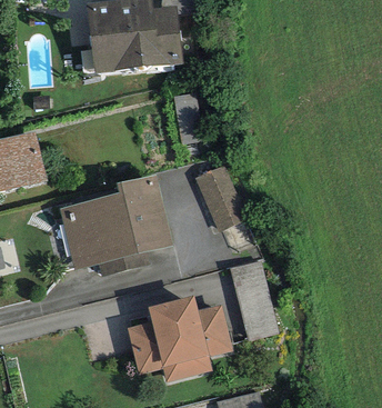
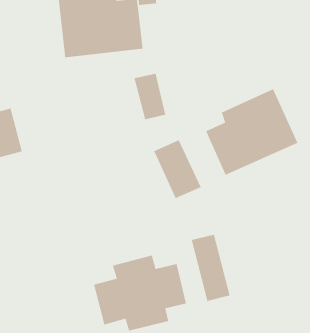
building: none -> [205,88,298,176]
building: [59,173,171,276] -> none

